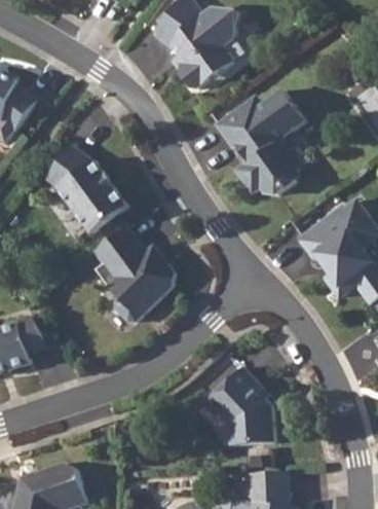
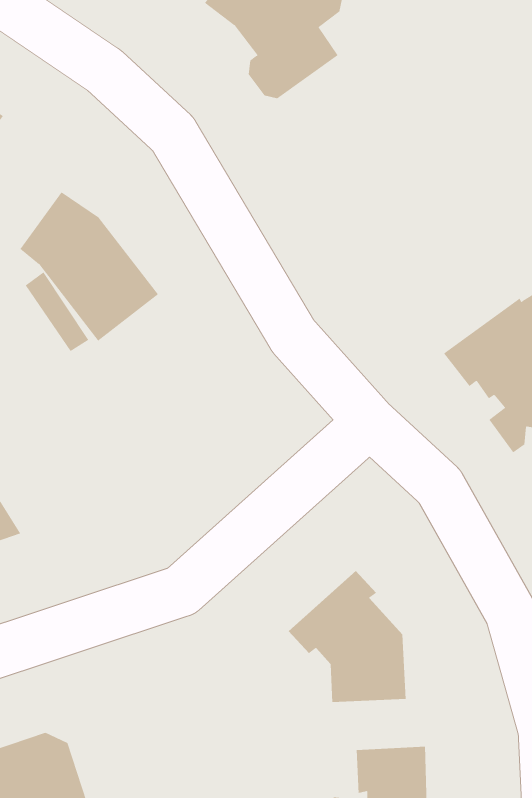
building: [217,88,306,193] -> none
building: [93,225,174,322] -> none

